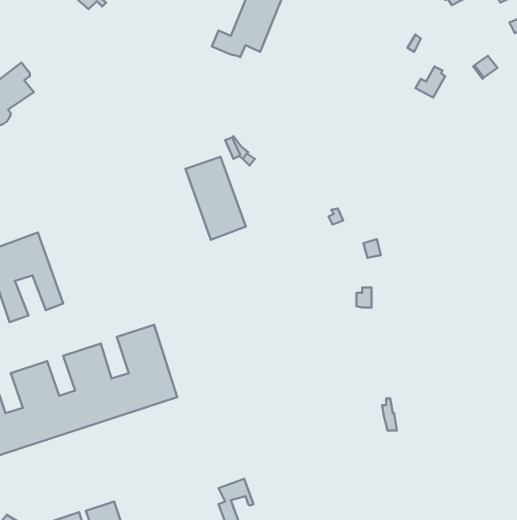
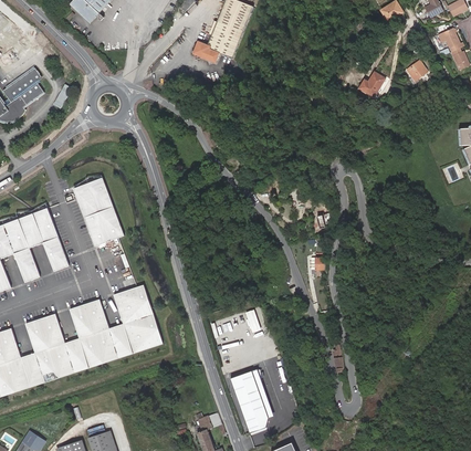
building: [186,157,246,240] -> [74,178,124,247]
building: none -> [226,368,264,433]

